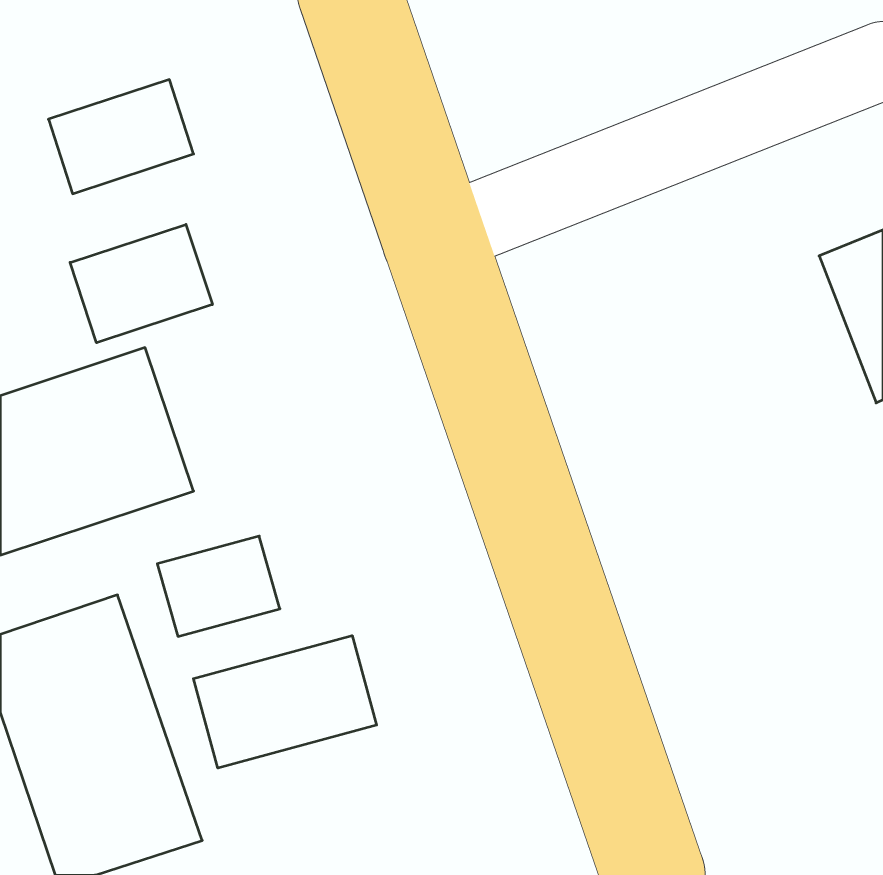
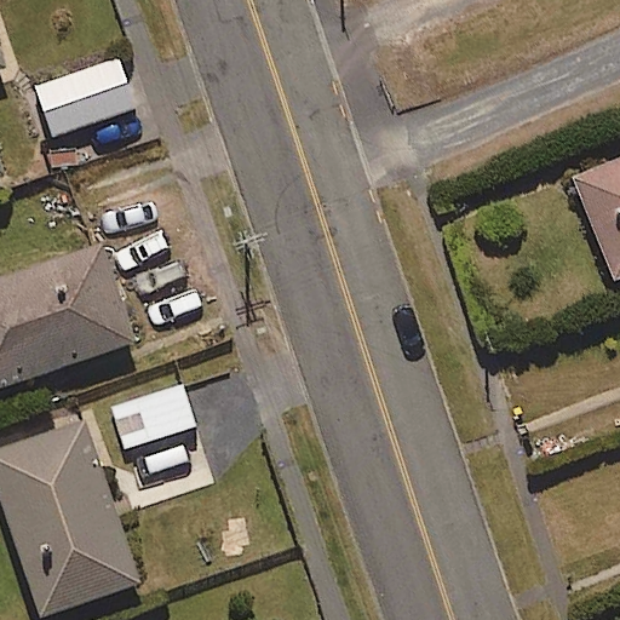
building: [70,224,212,343] -> none
building: [193,636,377,768] -> none

